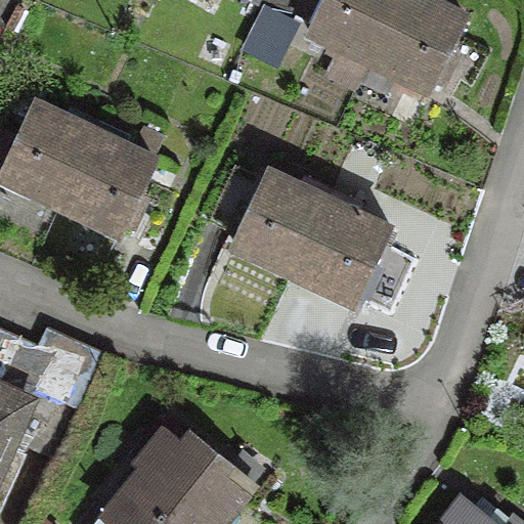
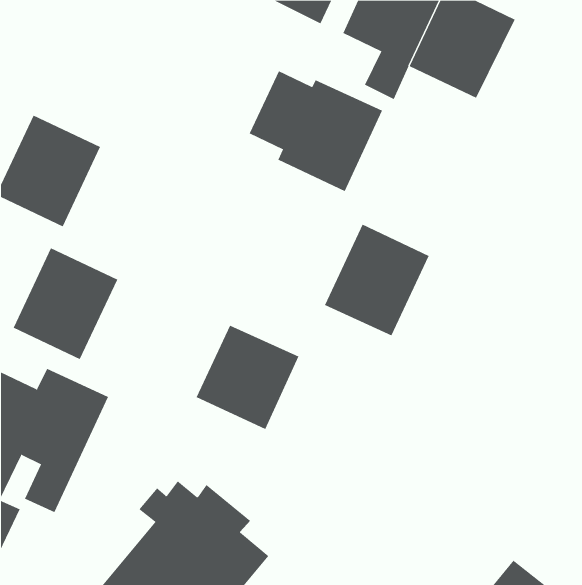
building: [59,132,154,232] -> [13,247,118,360]
building: [207,165,326,273] -> [249,70,383,192]
building: none -> [196,325,299,430]

